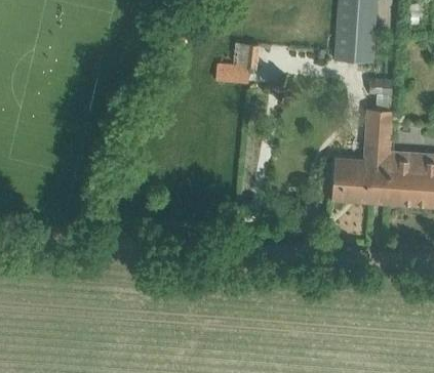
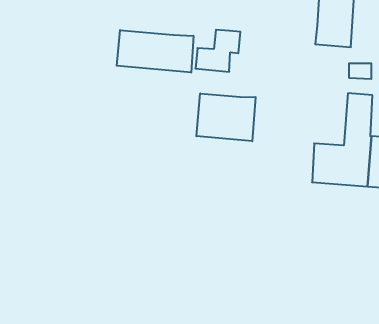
building: none -> [117,30,193,73]
building: none -> [196,93,256,141]

